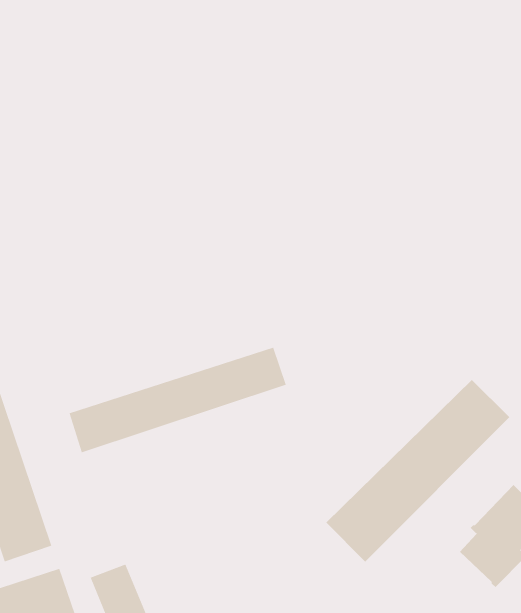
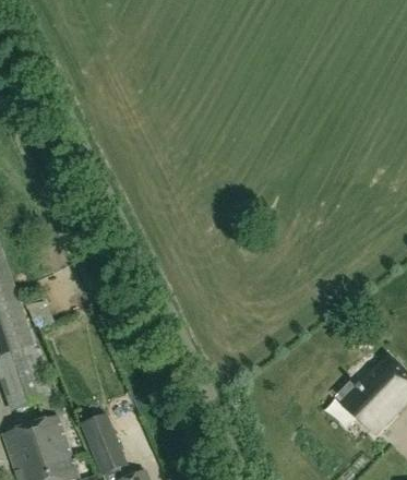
building: [69,347,286,453] -> none
building: [326,379,510,562] -> none

